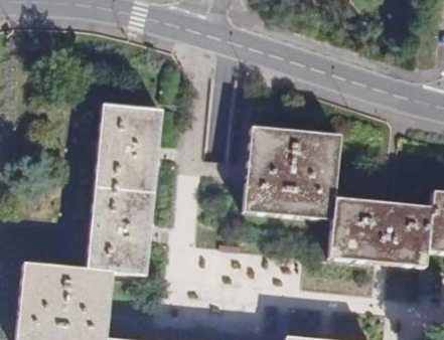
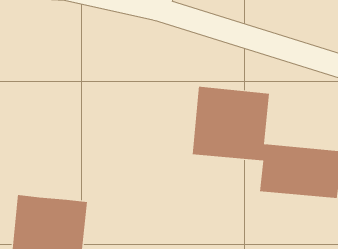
building: [87,106,161,275] -> none

